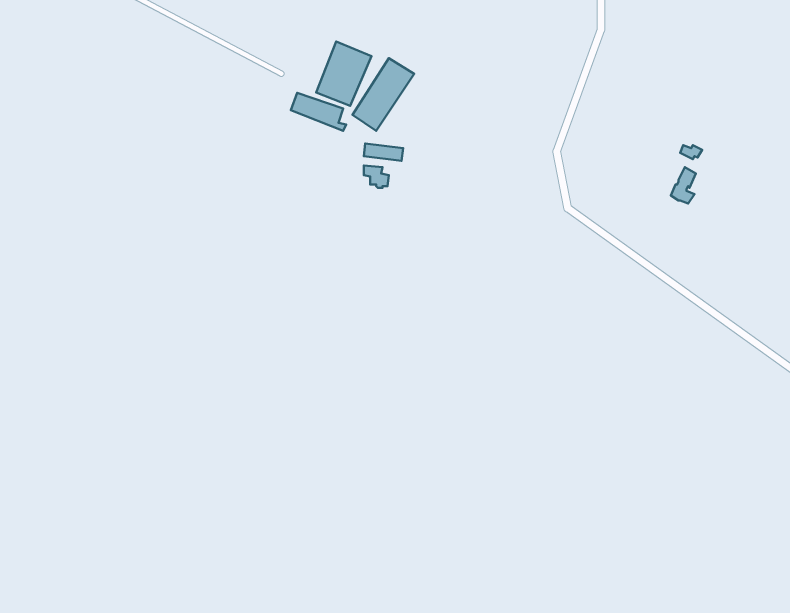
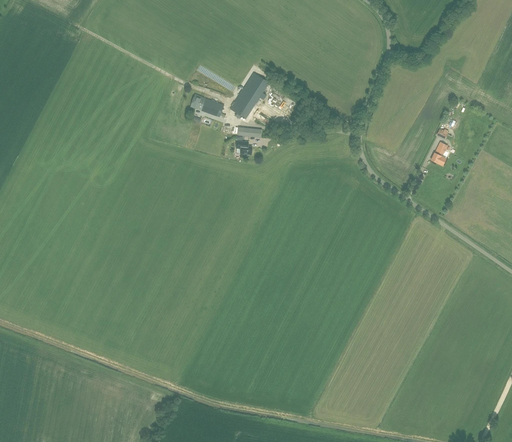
building: [316,42,371,106] -> none

